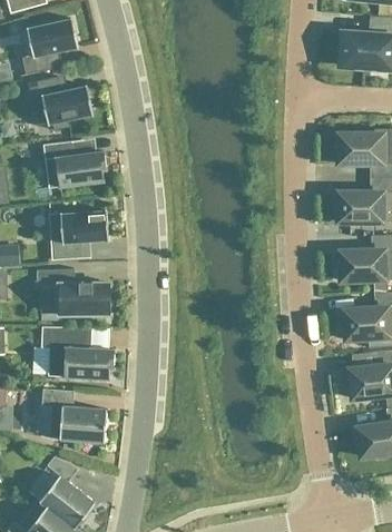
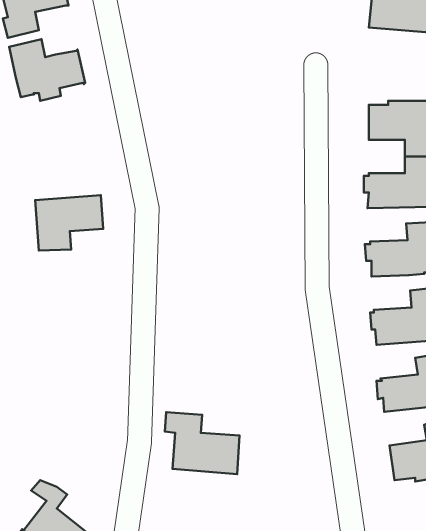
building: [42,141,106,189] -> none
building: [36,269,109,315] -> none
building: [40,327,114,380] -> none
building: [41,390,106,443] -> [165,412,240,474]

